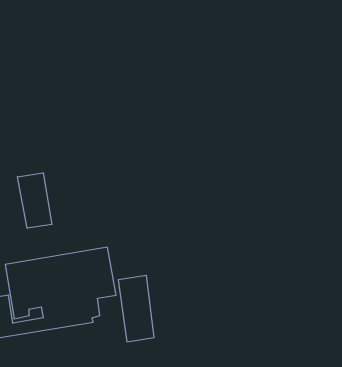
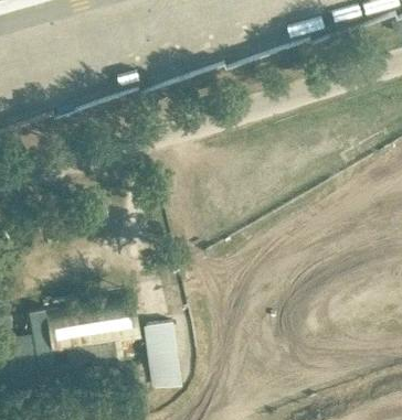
building: [17,173,52,228] -> none

